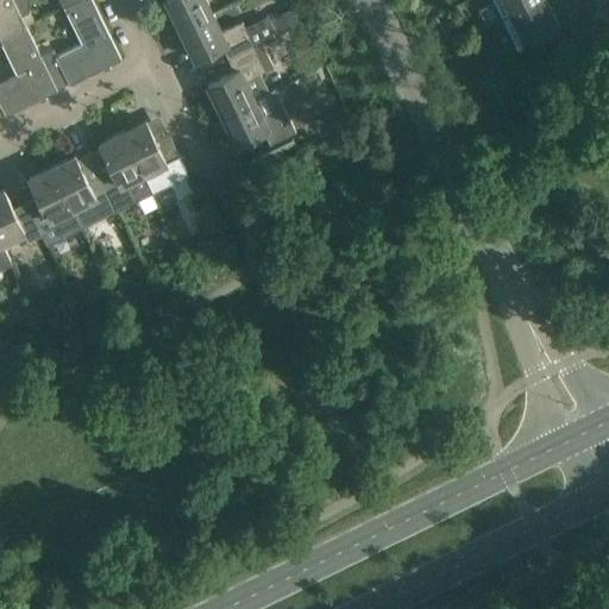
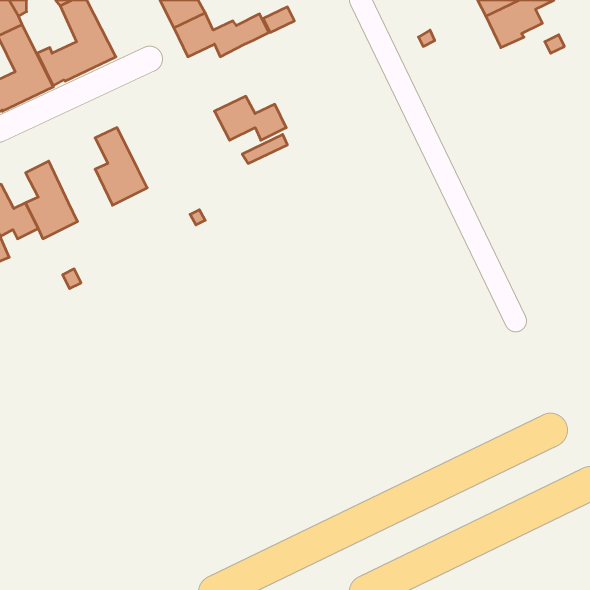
building: [206,44,271,117] -> none
building: [120,121,186,187] -> none
building: [50,157,115,230] -> none

